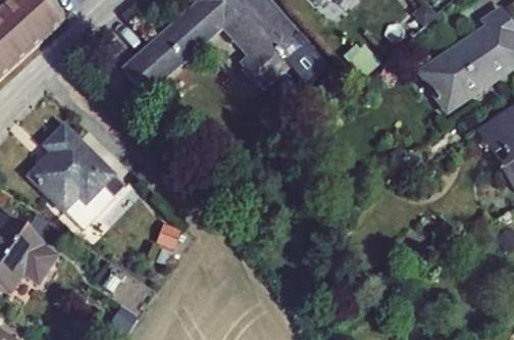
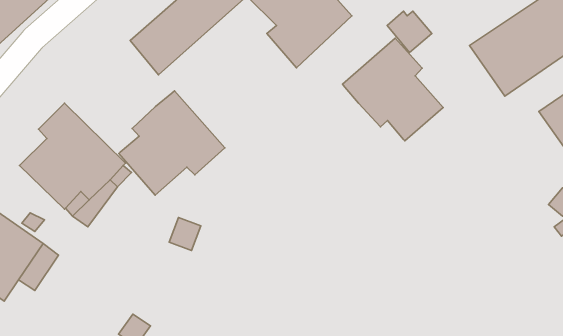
building: none -> [343,38,443,141]
building: none -> [119,91,225,195]

